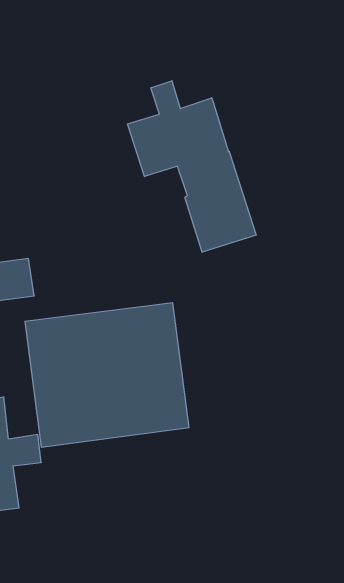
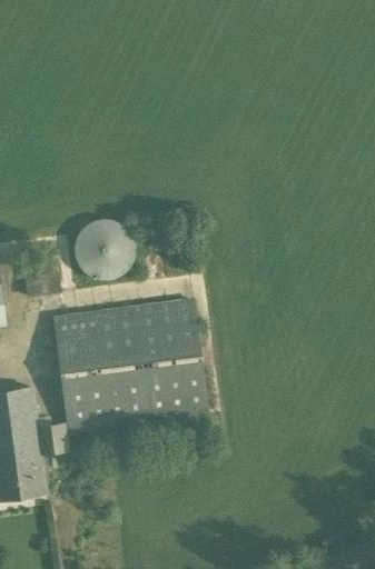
building: [127,81,256,252] -> none
building: none -> [69,216,135,282]

